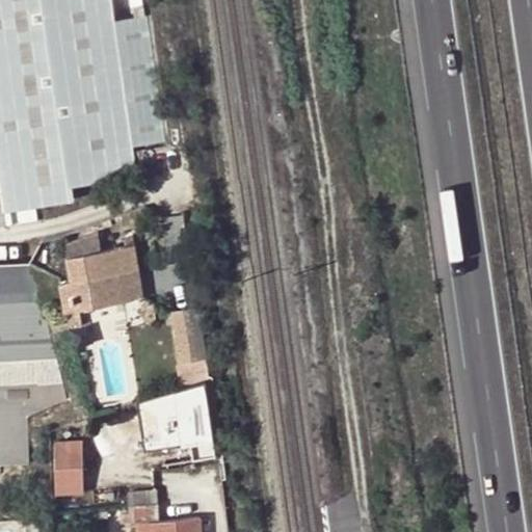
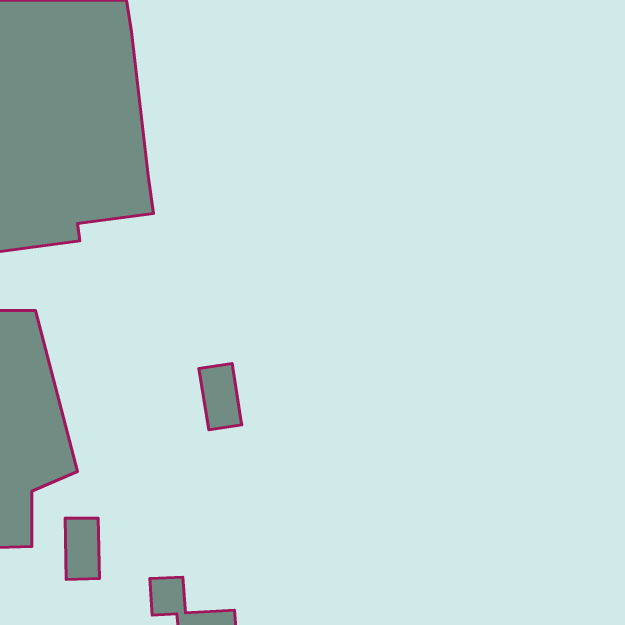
building: [111,25,159,153] -> none
building: [57,233,142,313] -> none
building: [136,383,214,466] -> none

